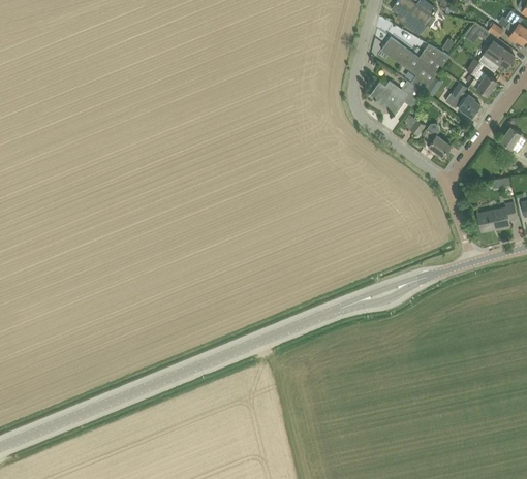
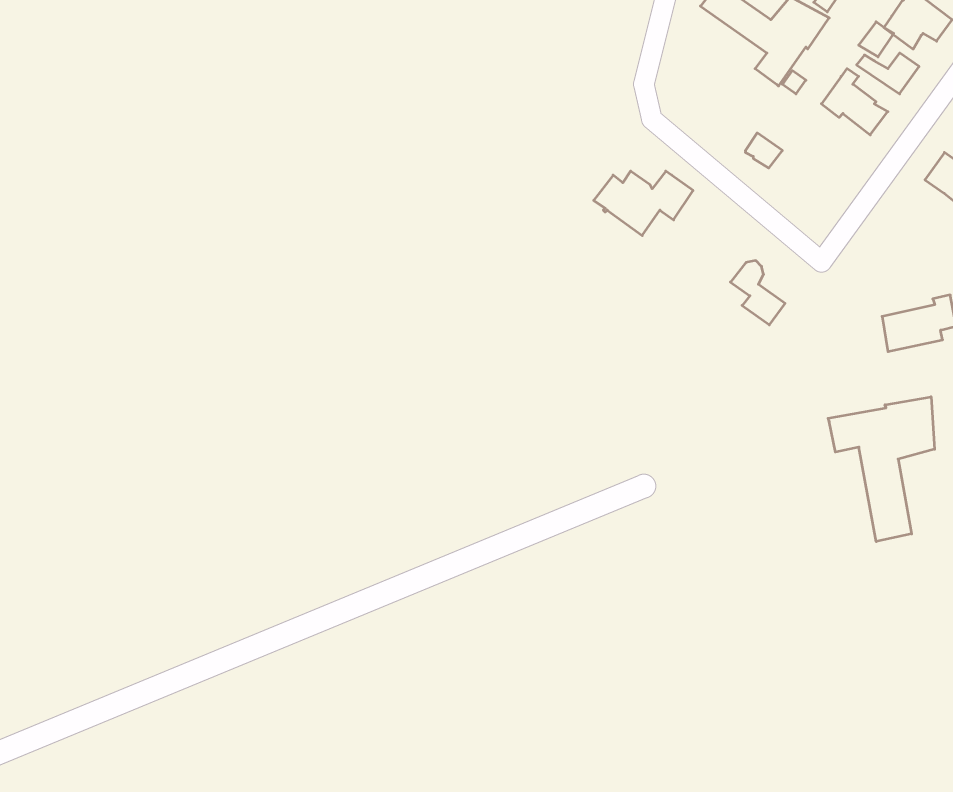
building: [369,81,422,115] -> [594,171,693,236]
building: [422,123,451,157] -> [730,261,785,325]
building: none -> [828,397,935,542]

